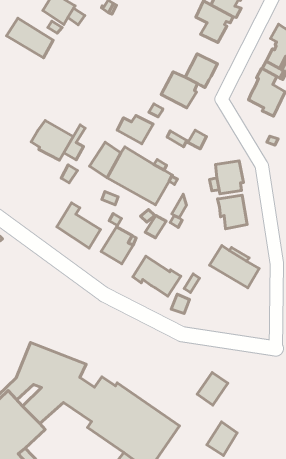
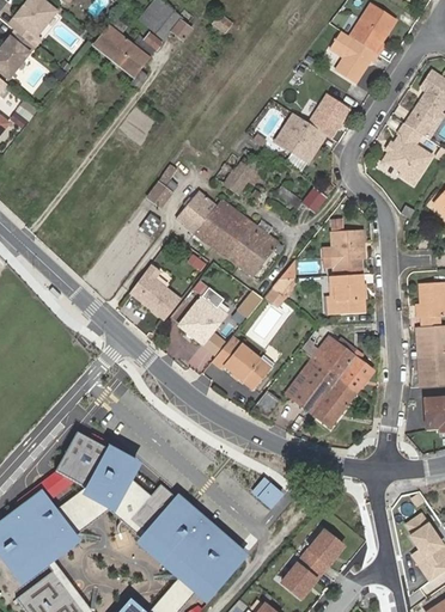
building: [31,120,73,160] -> none
building: none -> [284,359,355,428]
building: [197,372,228,405] -> [304,530,343,570]

